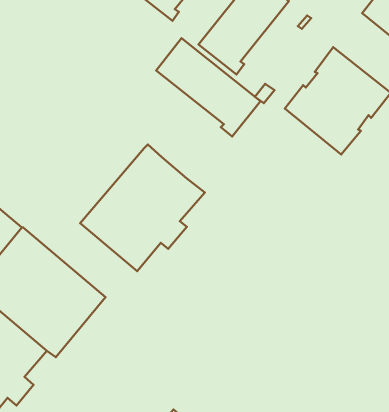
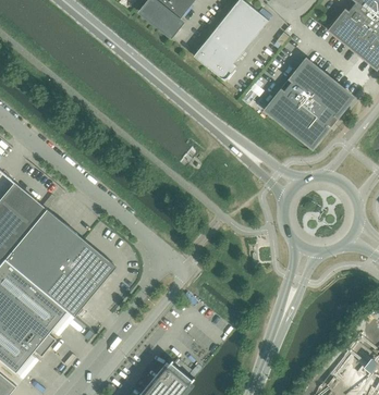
building: [156,38,260,137] -> none
building: [80,144,205,271] -> none

